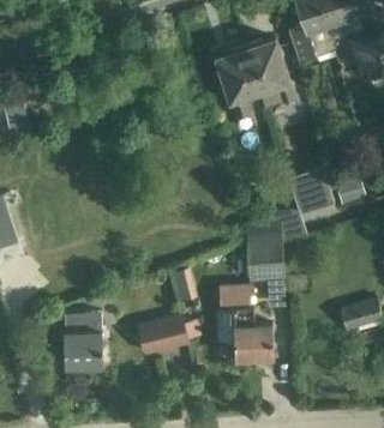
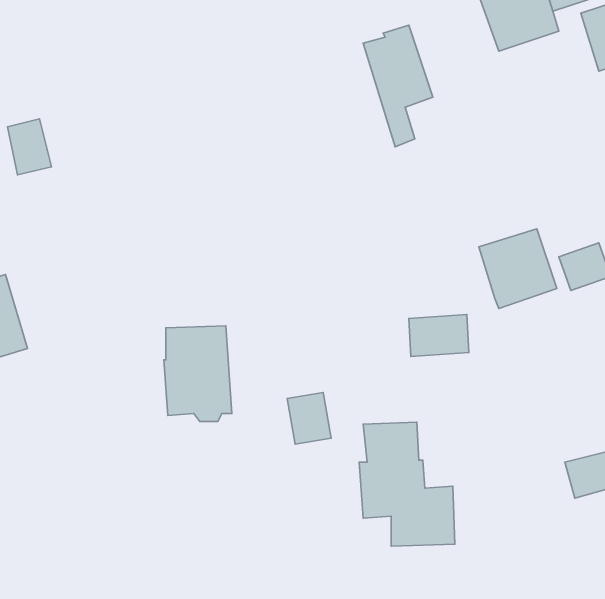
building: [246,40,295,104] -> none
building: [247,243,284,282] -> none
building: [64,313,104,370] -> [164,326,232,422]
building: [140,318,190,355] -> none

